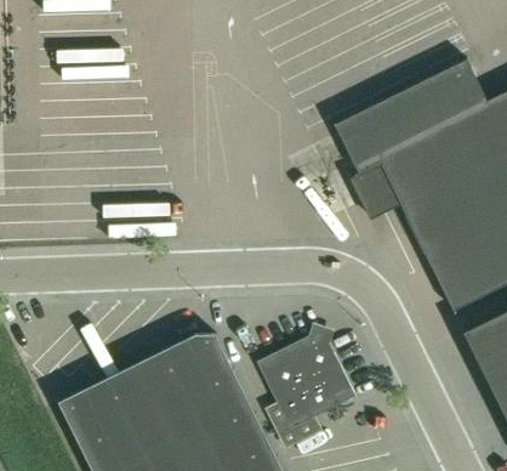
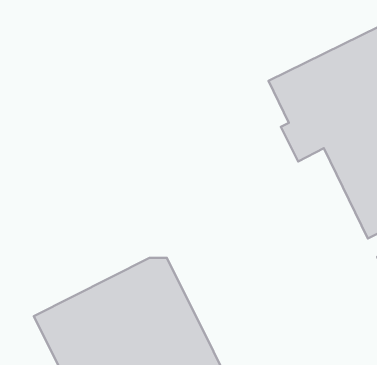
building: [256,333,354,446] -> none

